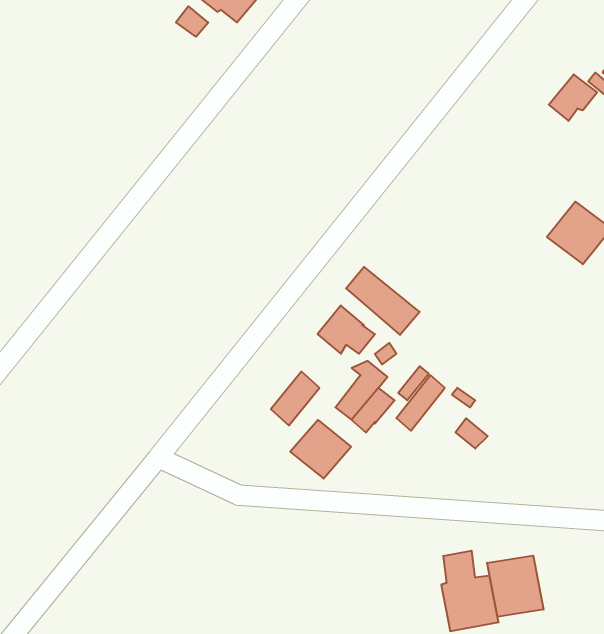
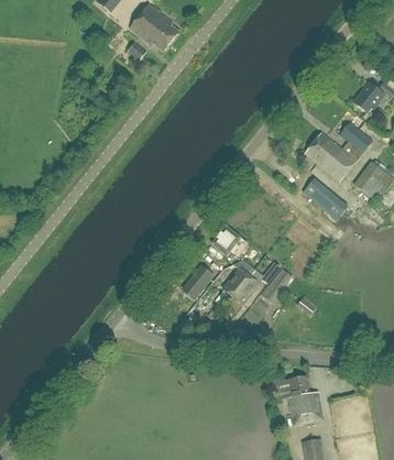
building: none -> [305,121,373,182]
building: [346,267,420,335] -> [303,177,348,219]
building: [290,420,351,479] -> none
building: [487,556,544,617] -> none

